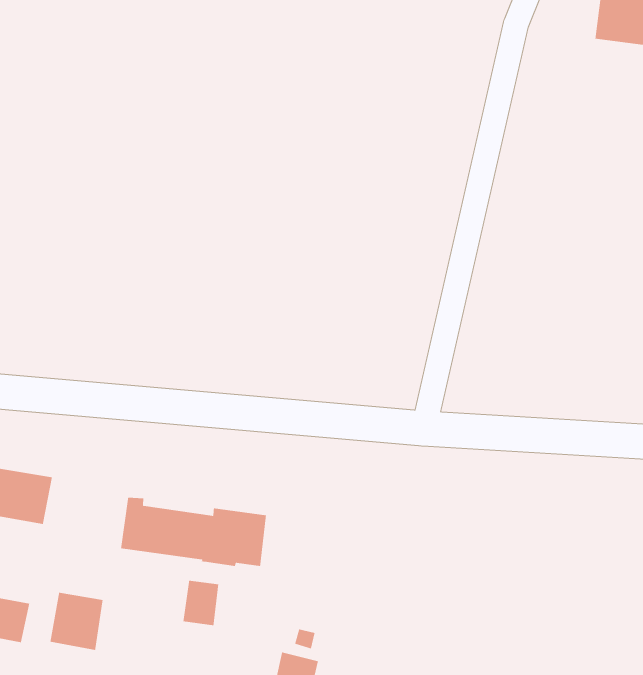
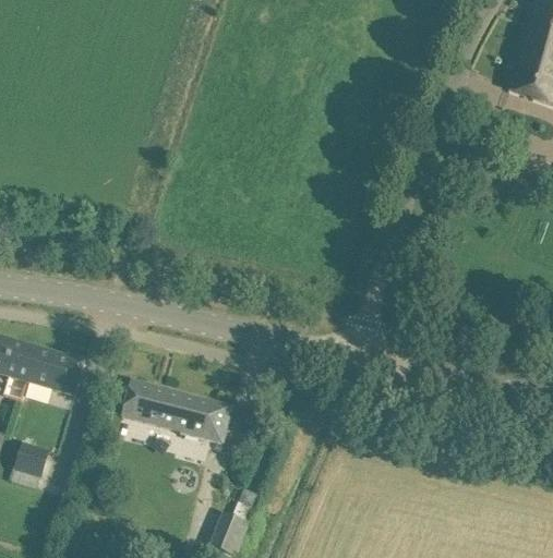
building: [183,580,219,626] -> none
building: [49,592,103,651] -> none

